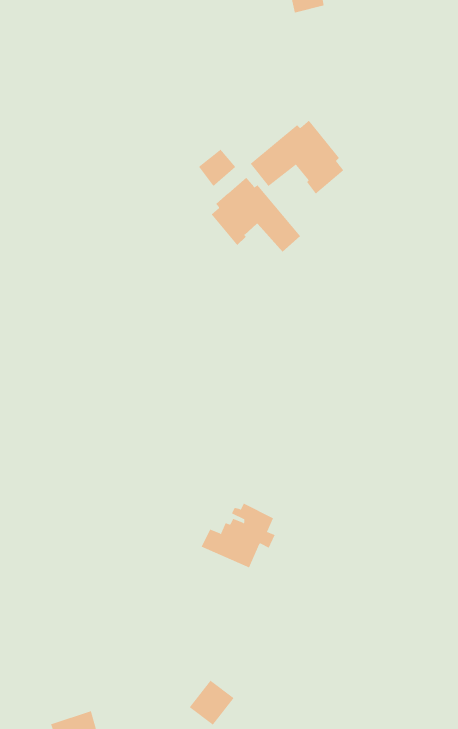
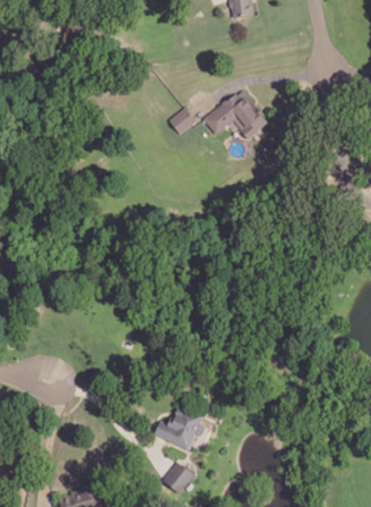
building: [211,177,301,253] -> none
building: [201,503,275,568] -> [155,407,205,450]

